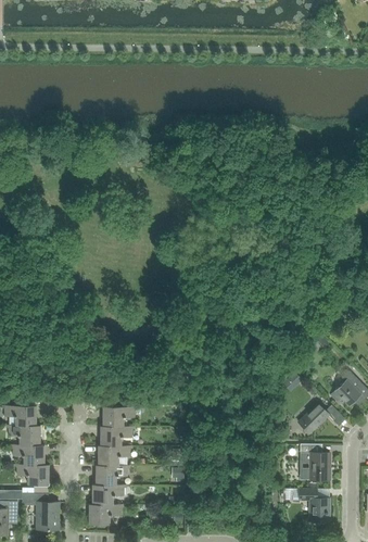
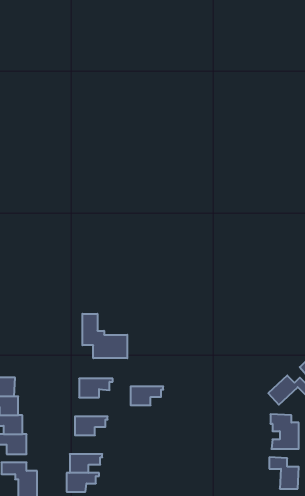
building: none -> [82,314,127,358]
building: [100,426,134,445] -> [131,386,163,405]
building: [96,465,129,484] -> none

